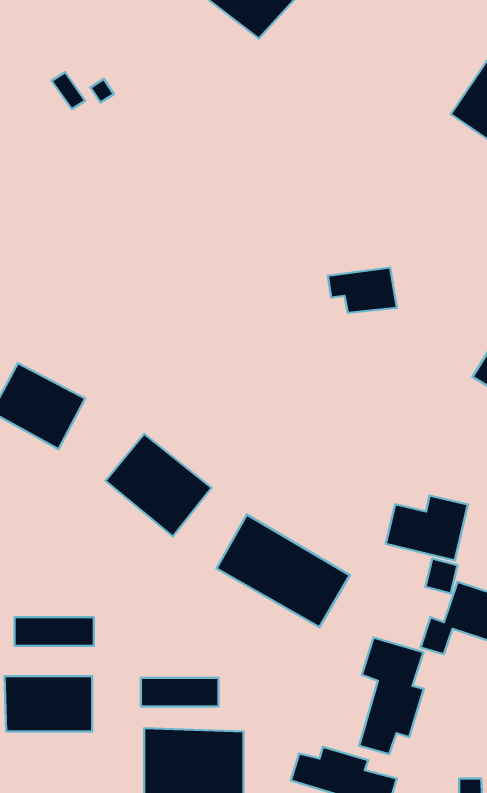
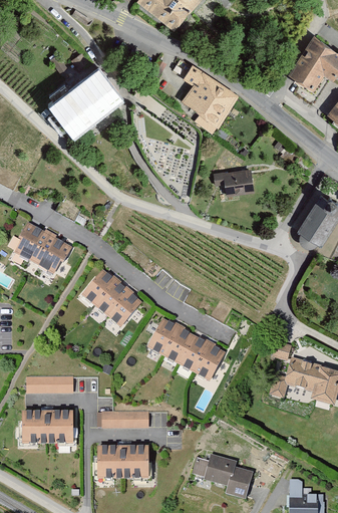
building: none -> [181,64,238,134]
building: none -> [51,71,117,134]
building: [386,495,468,560] -> none
building: [359,637,424,754] -> none

